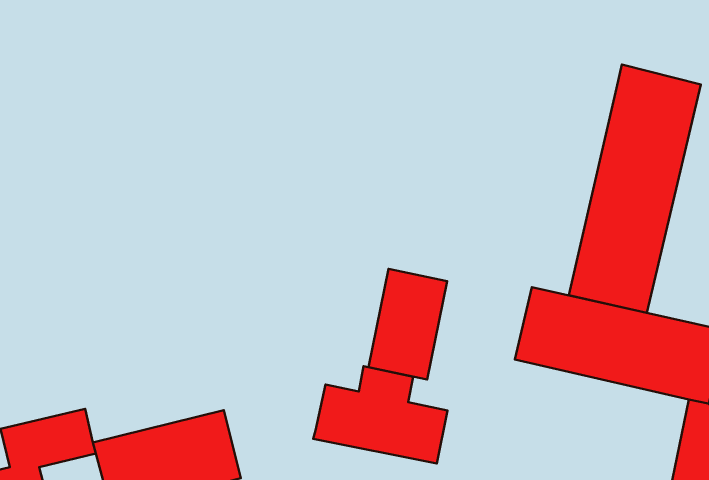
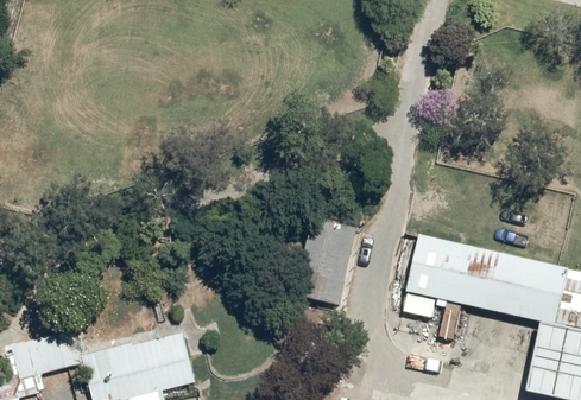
building: [569,64,701,313] -> none
building: [313,366,448,464] -> none

